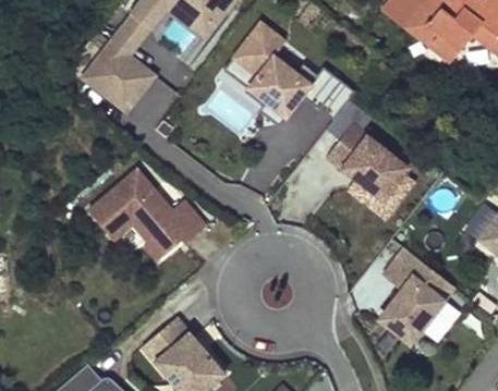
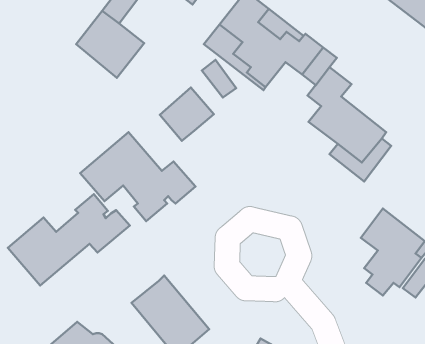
building: none -> [160,87,214,141]
building: none -> [8,194,130,286]

